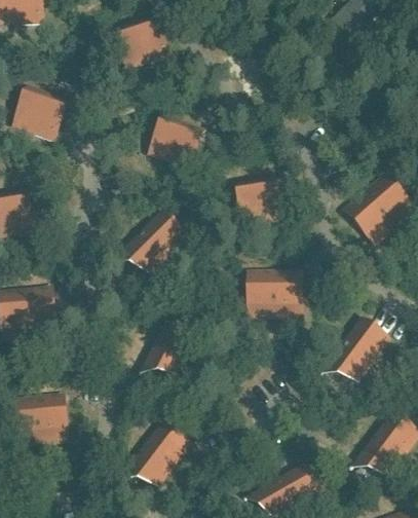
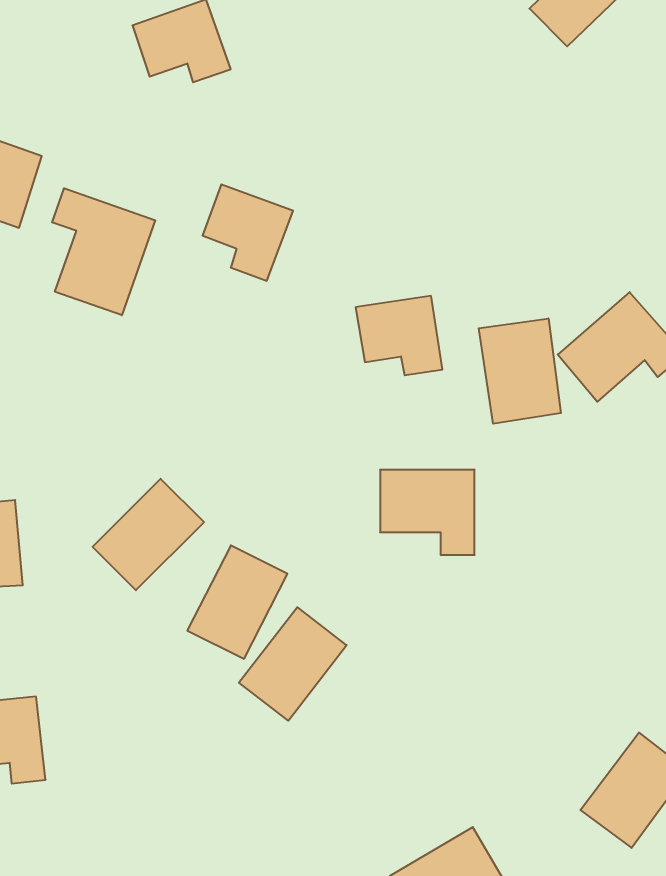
building: none -> [52,188,155,315]
building: none -> [479,318,561,424]
building: [121,212,182,272] -> [93,479,204,590]
building: [327,319,385,381] -> none
building: [126,424,185,486] -> [239,607,347,721]

